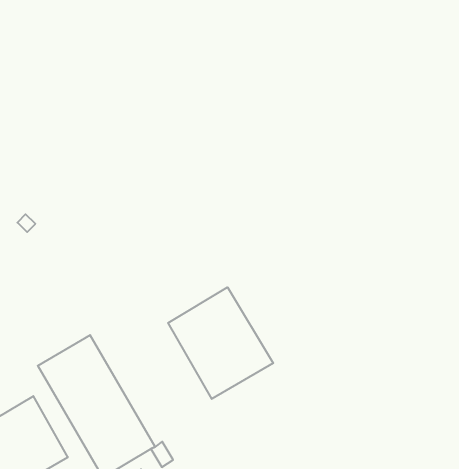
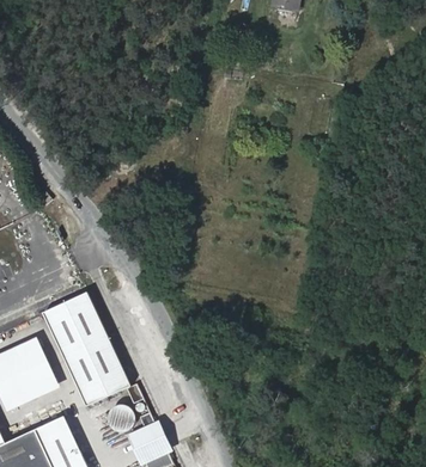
building: [168,287,273,399] -> none

